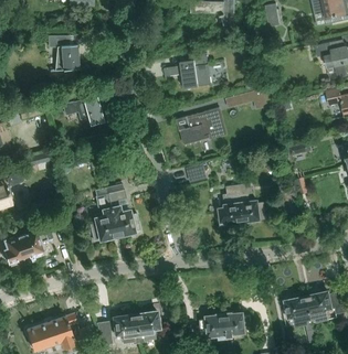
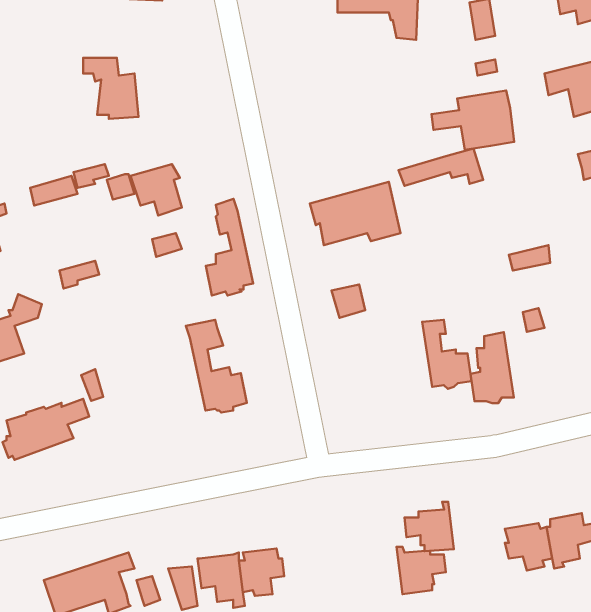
building: [166,54,212,87] -> [431,91,514,150]
building: [220,184,244,224] -> [470,332,514,403]
building: [91,186,117,240] -> [206,199,253,295]
building: [200,310,228,337] -> [405,502,454,551]

